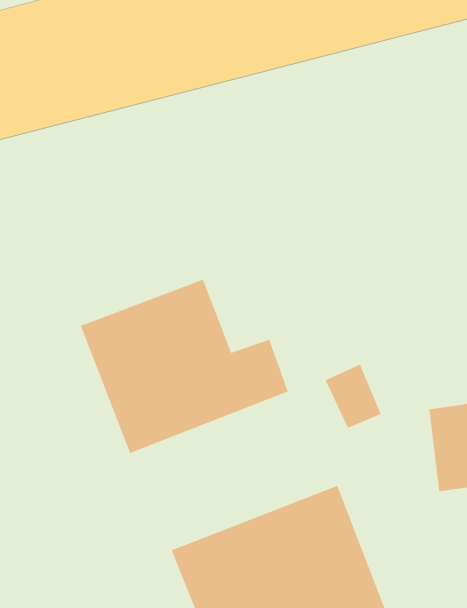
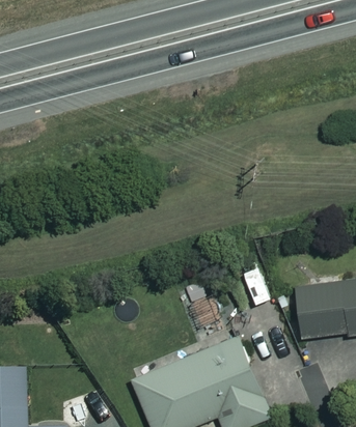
building: [80,279,289,454] -> none

